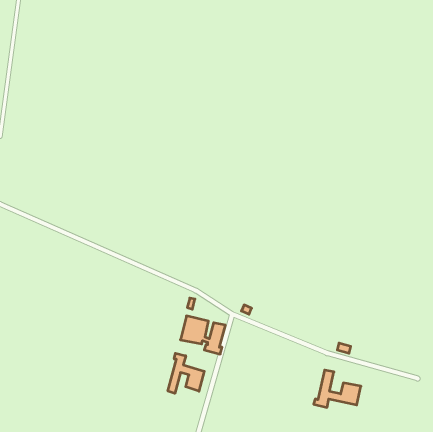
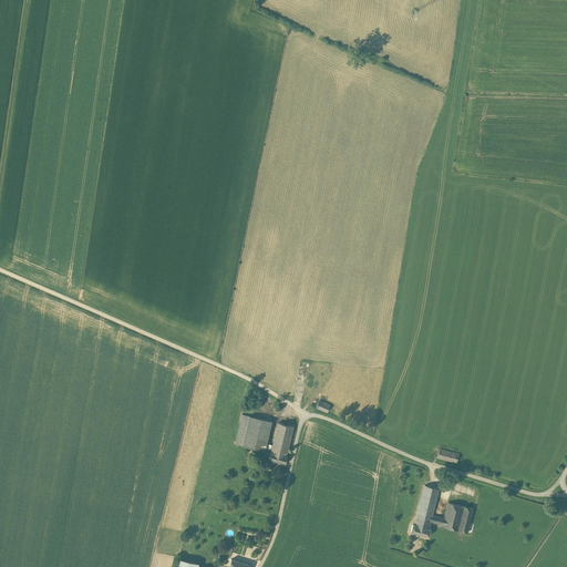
building: [168,353,204,393] -> none

